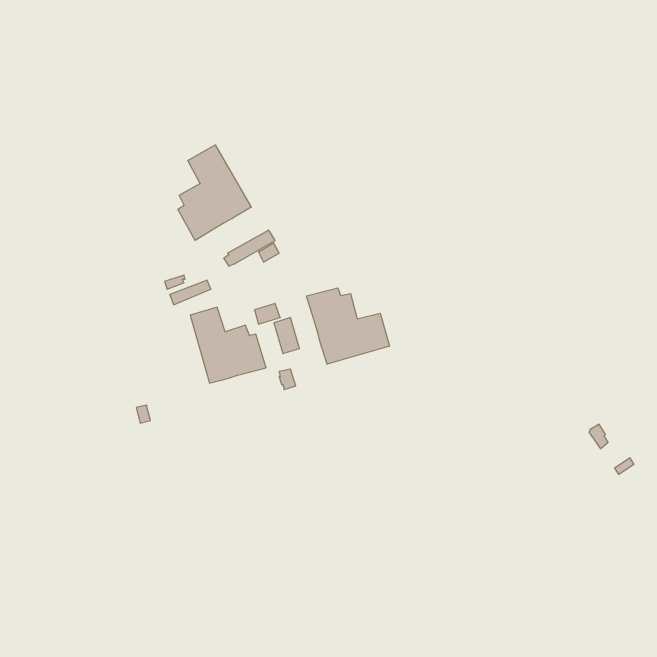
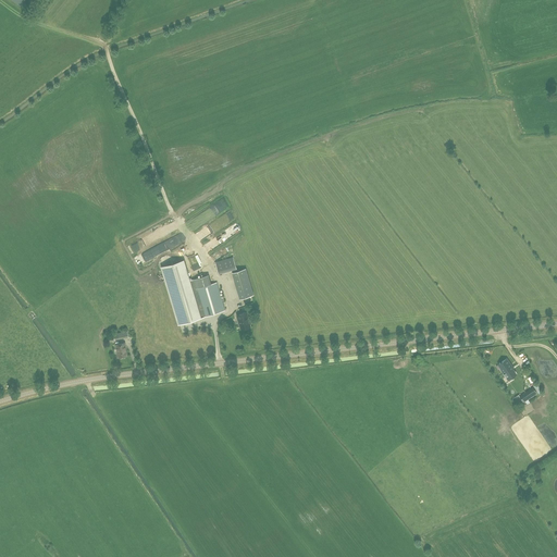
building: [178,145,251,240] -> none
building: [307,288,390,364] -> none

